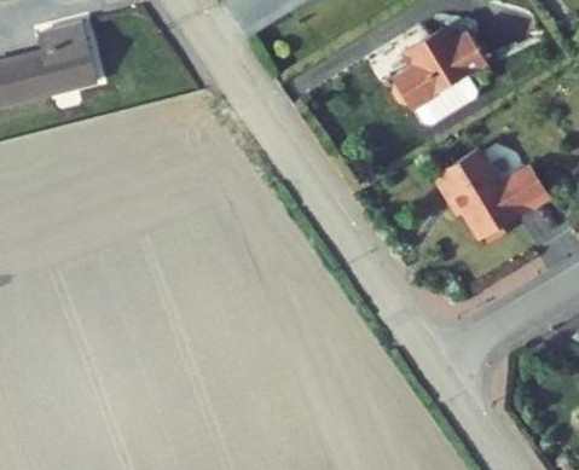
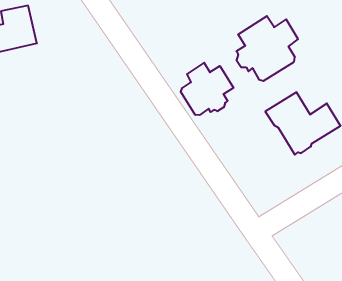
building: none -> [181,63,233,115]

